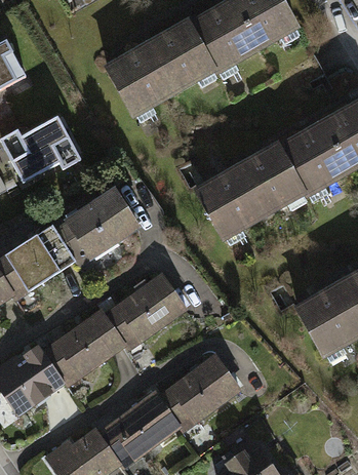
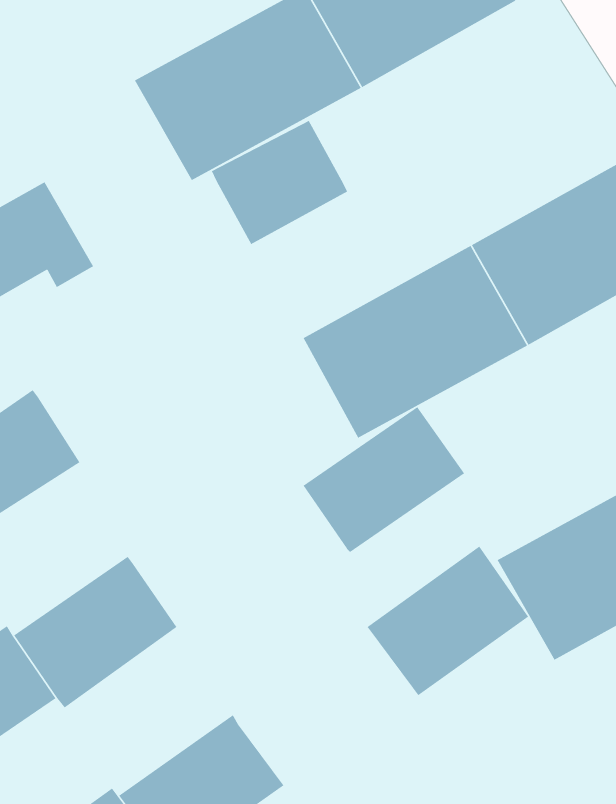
building: none -> [211,120,348,245]
building: [55,185,144,264] -> none
building: [105,271,189,347] -> [303,406,465,553]
building: [159,353,243,431] -> [367,546,529,696]

